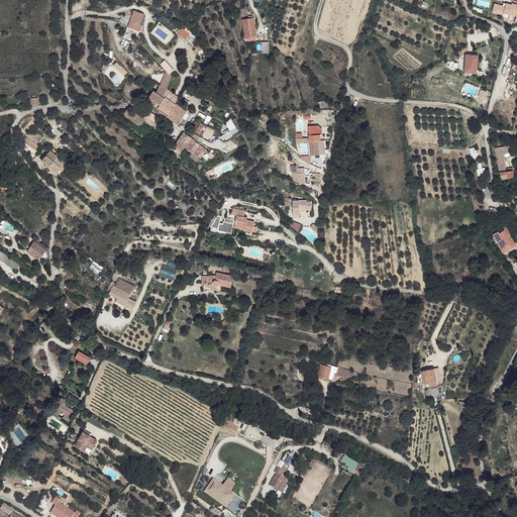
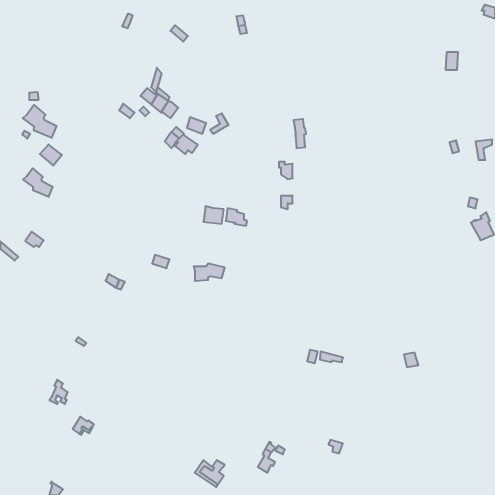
building: none -> [23,105,57,138]
building: none -> [23,168,53,197]

